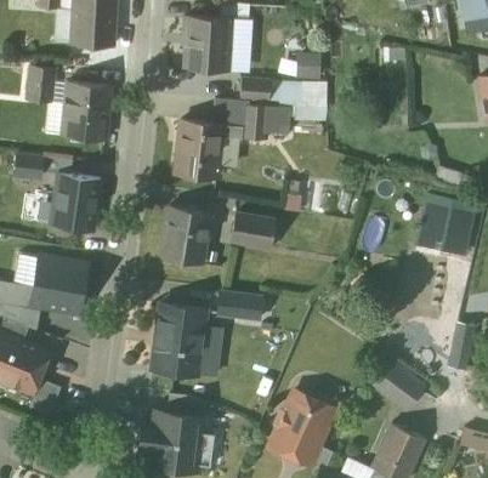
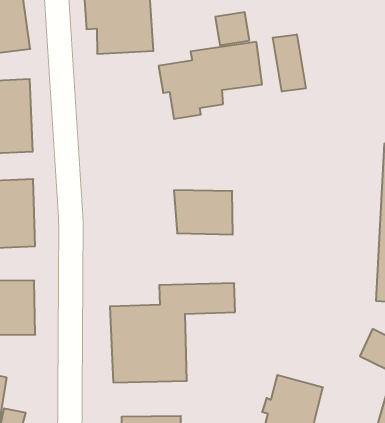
building: none -> [273,34,306,92]
building: [164,112,225,184] -> none
building: [155,201,221,267] -> none

